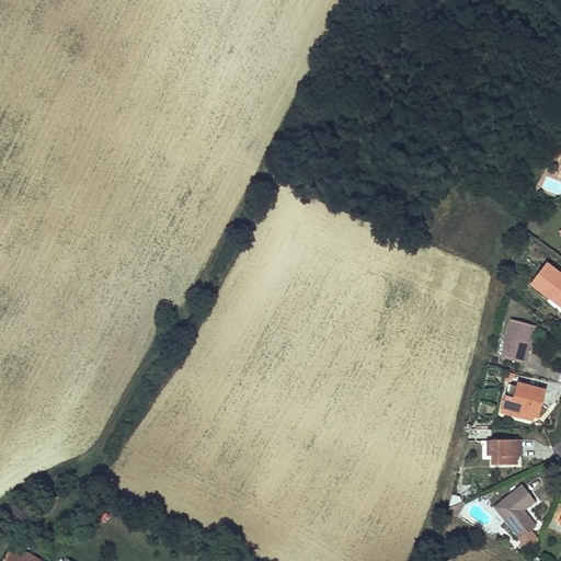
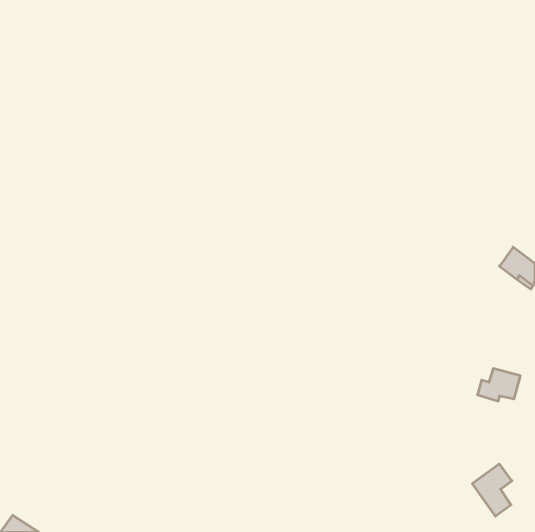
building: [502,320,536,363] -> none
building: [492,439,522,466] -> none

